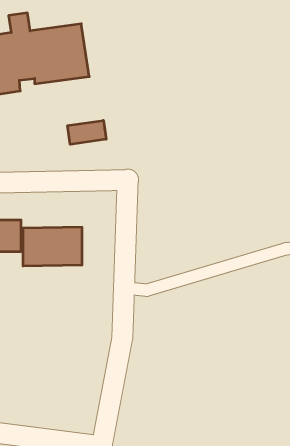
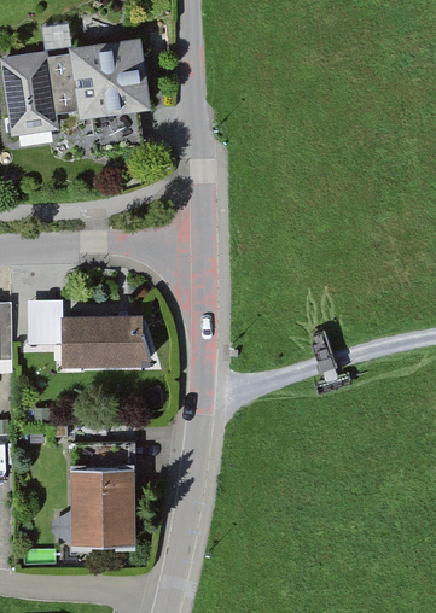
building: [68,120,106,144] -> none
building: none -> [70,468,135,560]

